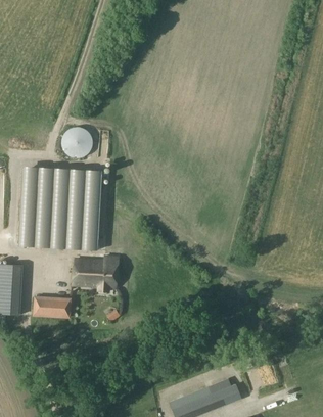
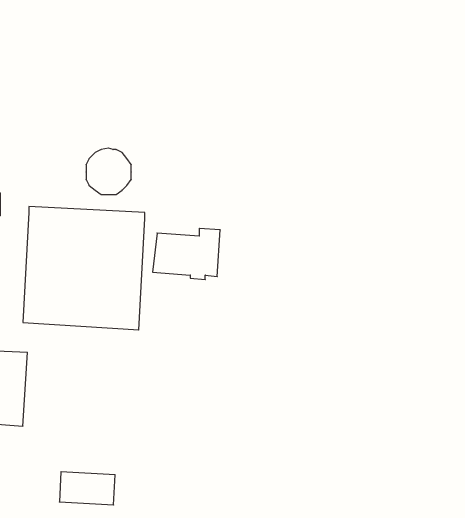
building: [73,256,119,290] -> [153,228,220,280]
building: [34,295,72,318] -> [59,472,115,505]

